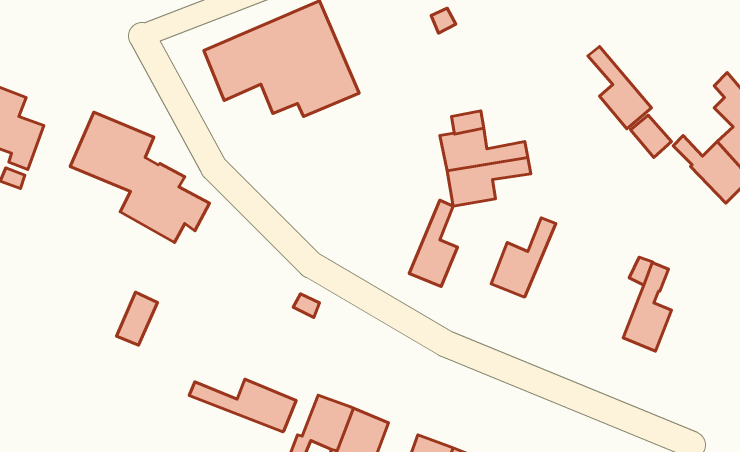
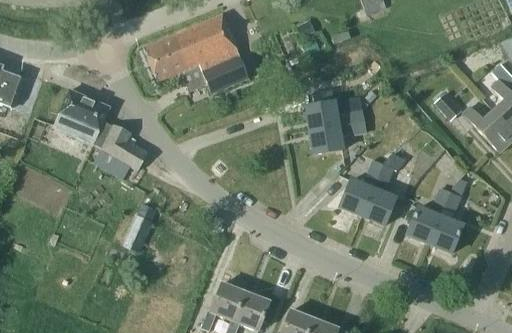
building: [588,46,651,129] -> none
building: [409,200,457,287] -> [363,165,396,224]
building: none -> [407,206,441,243]
building: [117,292,158,345] -> [124,214,152,250]
building: [189,379,296,432] -> none

